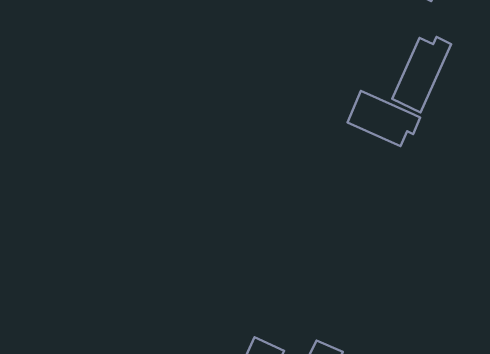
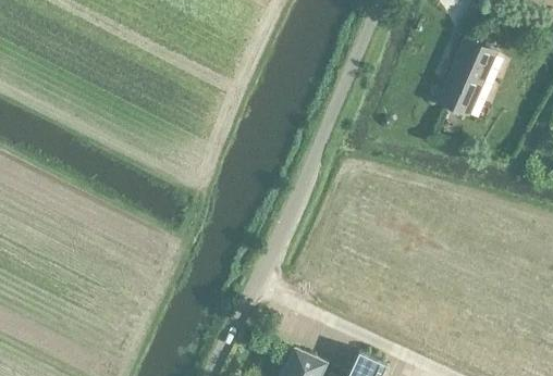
building: [347,91,420,146] -> none

